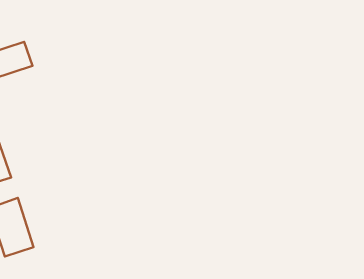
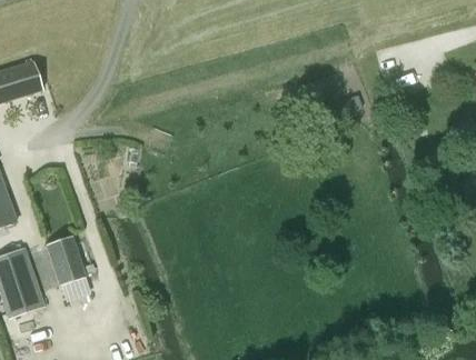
building: none -> [46,236,85,284]

